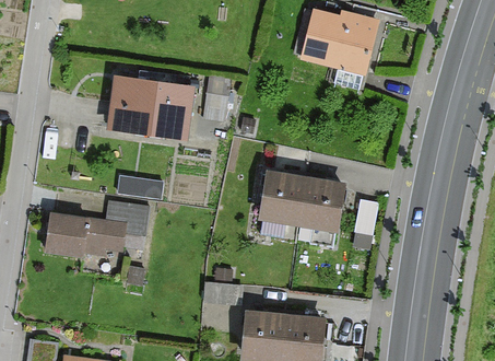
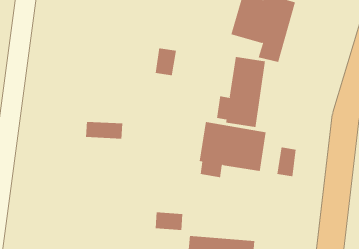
building: [109,79,192,139] -> none
building: none -> [217,56,266,128]
building: [45,199,150,260] -> none

